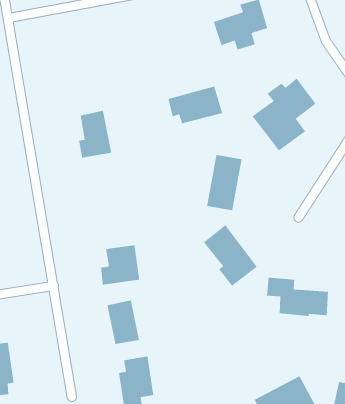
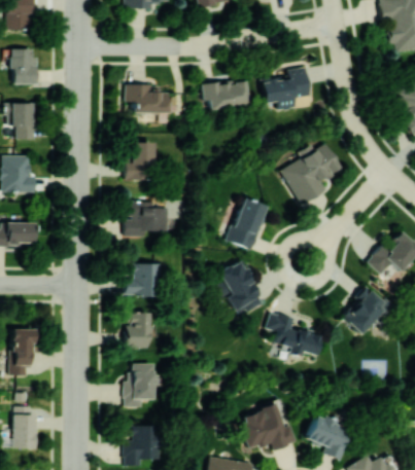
building: none -> [126,85,169,114]
building: [168,85,223,124] -> [203,80,249,109]
building: none -> [125,202,168,237]

